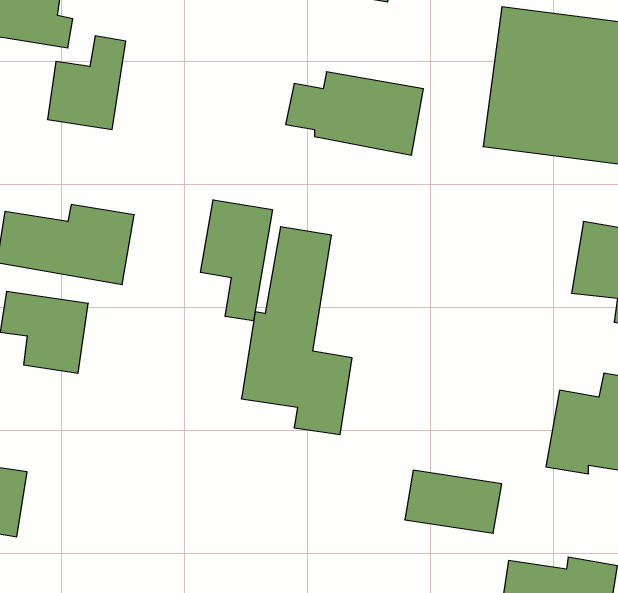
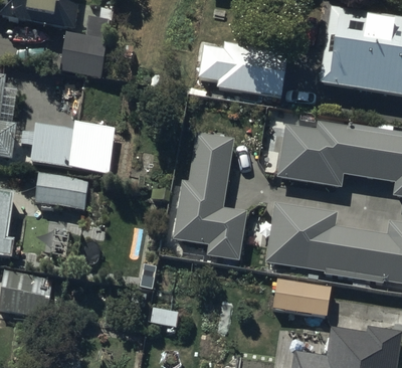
building: [200,200,272,321] -> none
building: none -> [278,123,378,183]
building: none -> [268,204,364,277]

